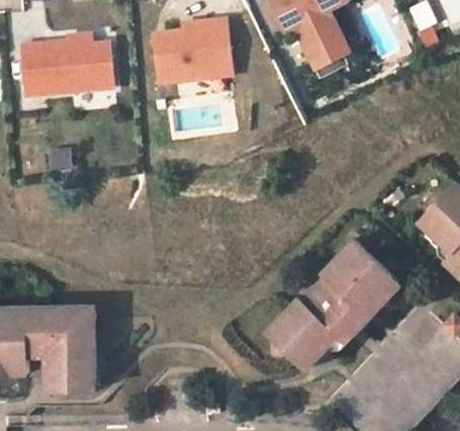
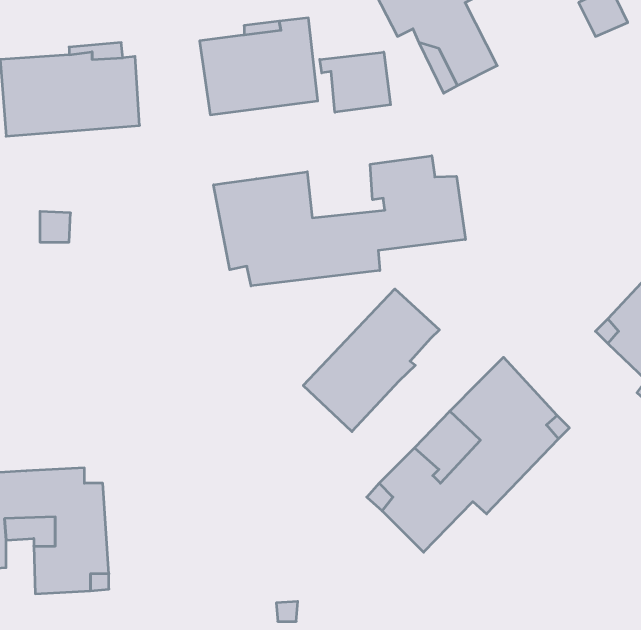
building: none -> [320,52,391,112]
building: none -> [214,156,465,286]
building: none -> [303,289,439,432]

